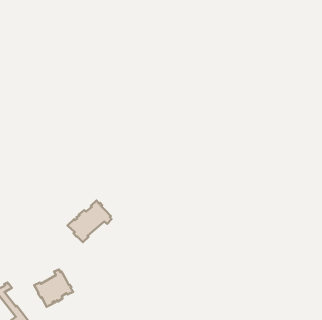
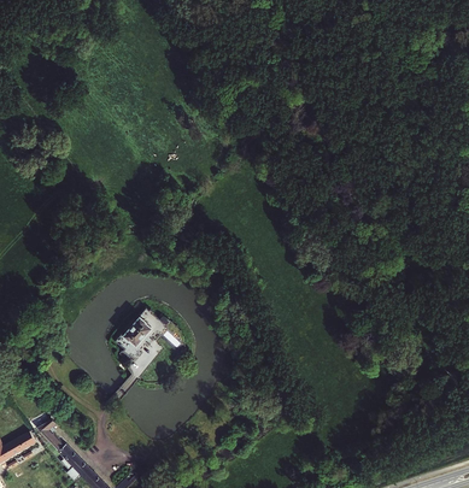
building: [34,270,73,307] -> none

